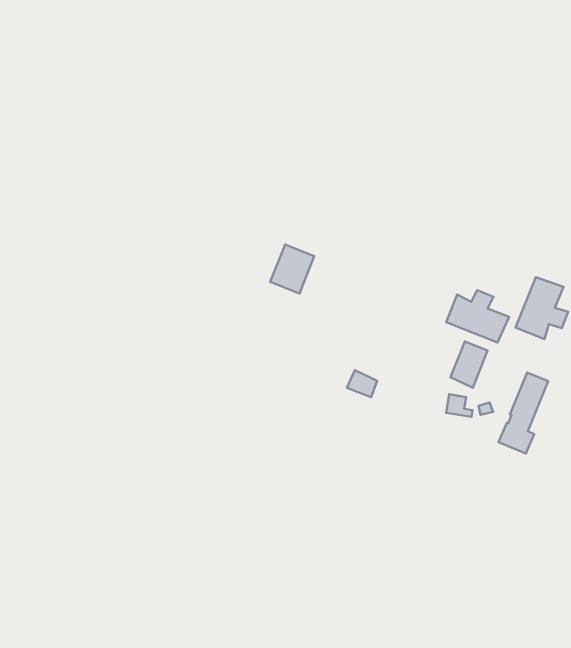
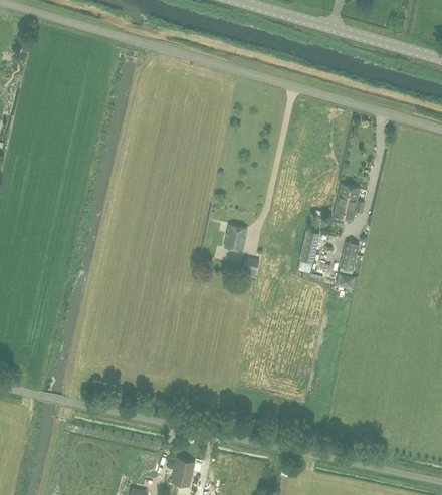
building: [270,244,314,293] -> [224,224,247,251]
building: [446,290,509,342] -> none

